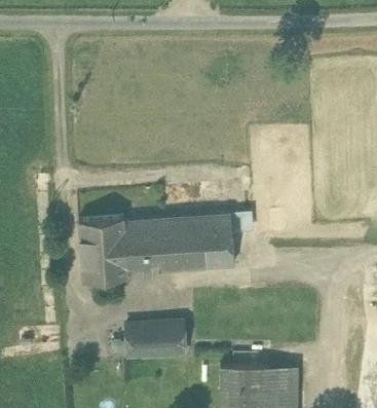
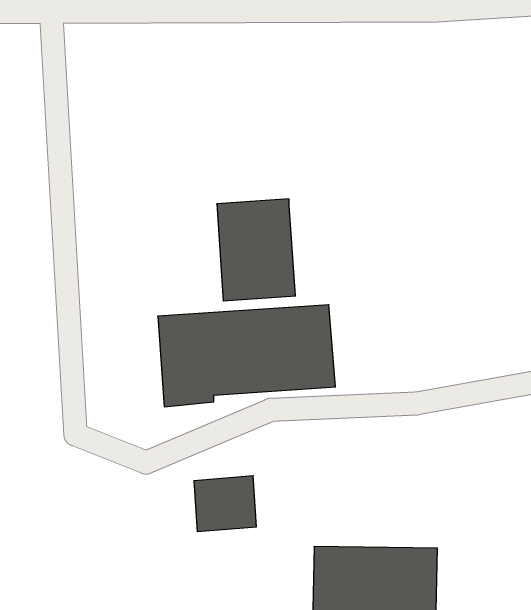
building: [78,218,127,282] -> [217,199,296,301]
building: [125,325,148,358] -> none

